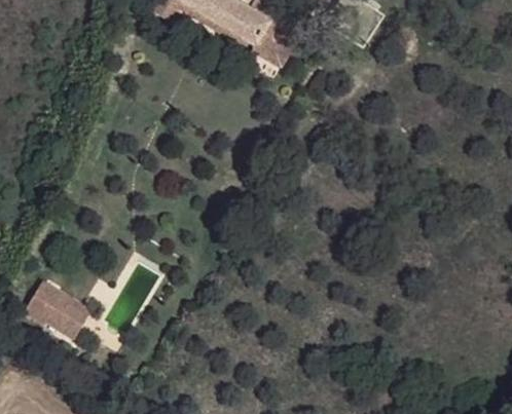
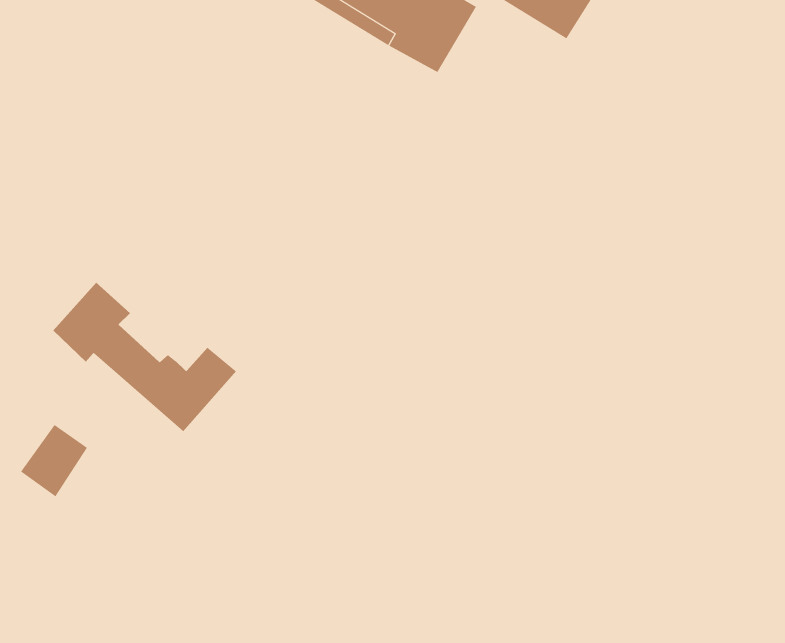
building: none -> [53,282,237,432]
building: [49,293,96,338] -> none

